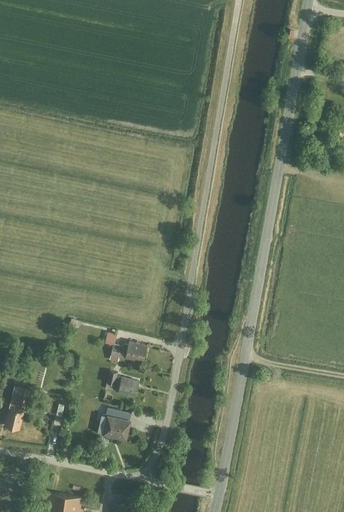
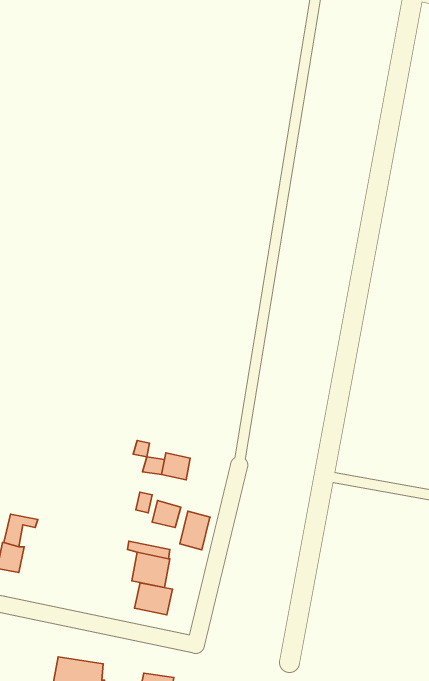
building: none -> [180,511,210,550]
building: none -> [134,583,173,615]

